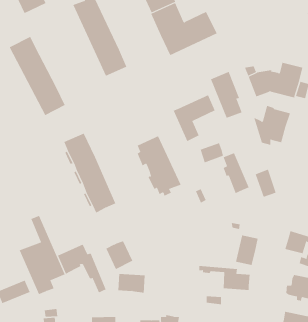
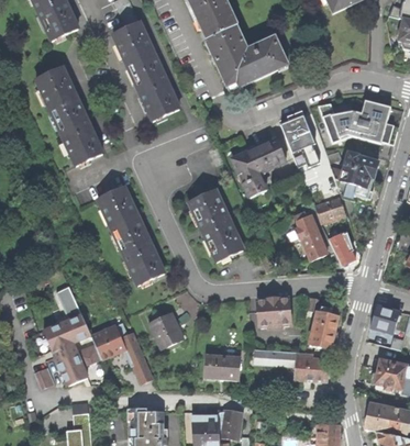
building: [200,142,224,163] -> [315,196,345,221]
building: none -> [256,296,291,326]
building: [118,273,145,293] -> [206,354,240,378]

